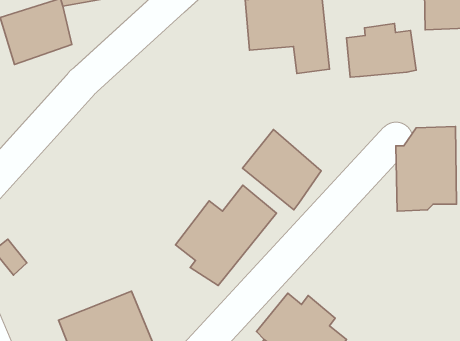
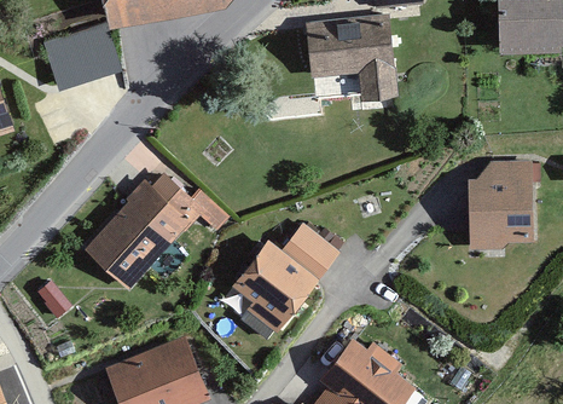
building: [347,23,416,77] -> none
building: [243,129,321,210] -> none
building: none -> [83,172,203,290]

